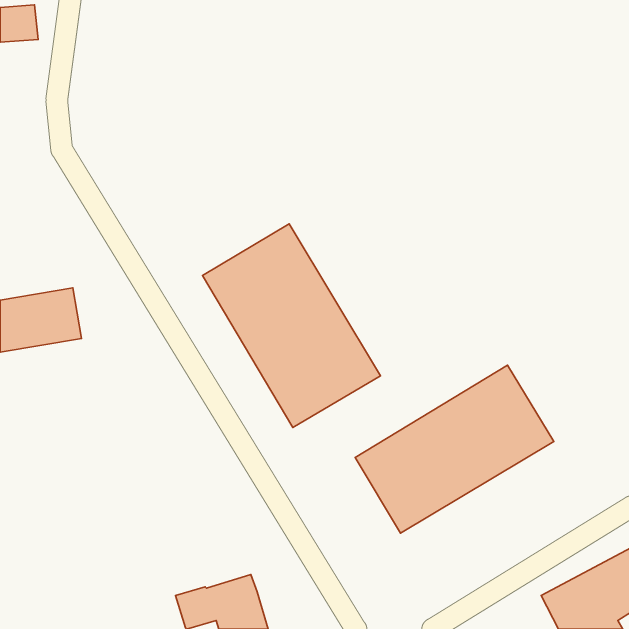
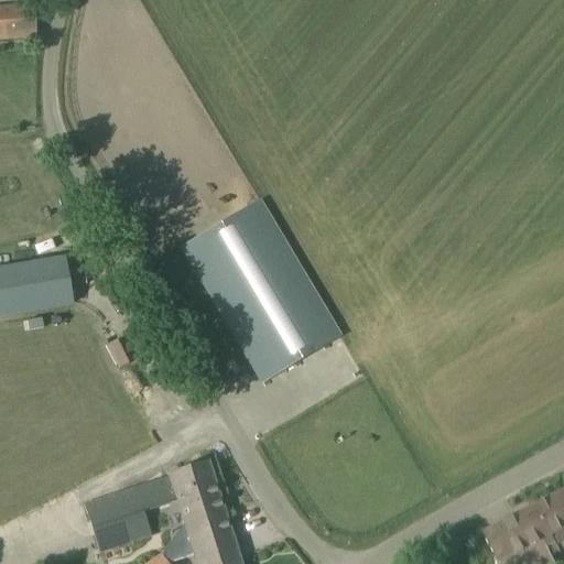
building: [355,365,554,533] -> none
building: none -> [86,459,226,551]

